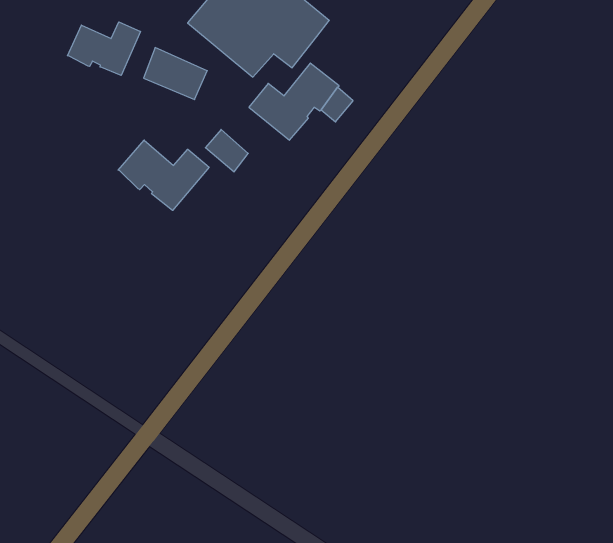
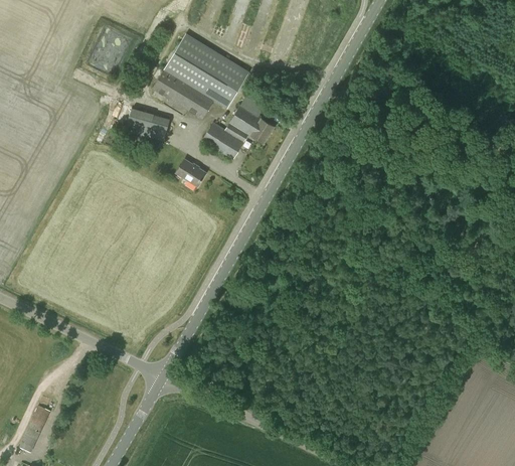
building: [67,22,140,75] -> none
building: [118,140,209,210] -> none

